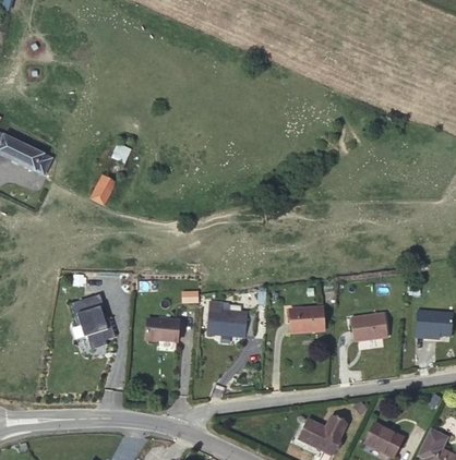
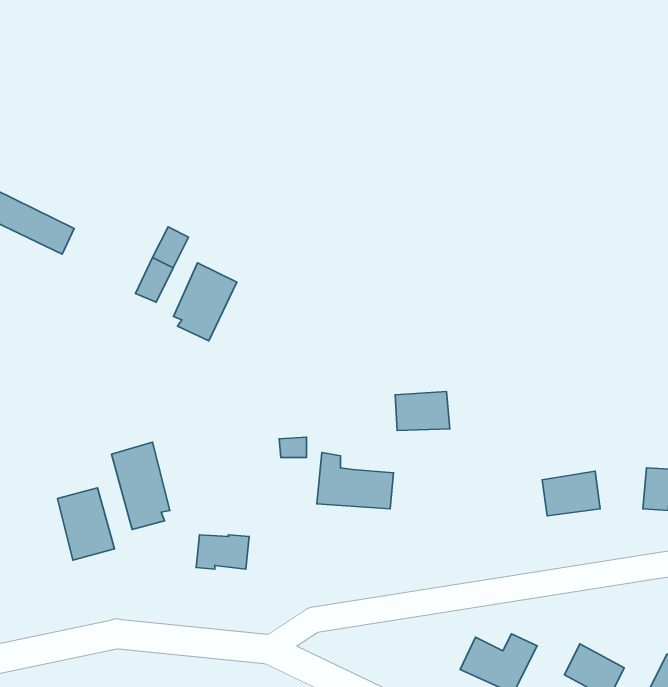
building: none -> [174,263,237,341]
building: [289,307,324,332] -> [395,391,450,431]
building: [145,319,179,341] -> [196,535,249,569]
building: none -> [58,488,115,560]

